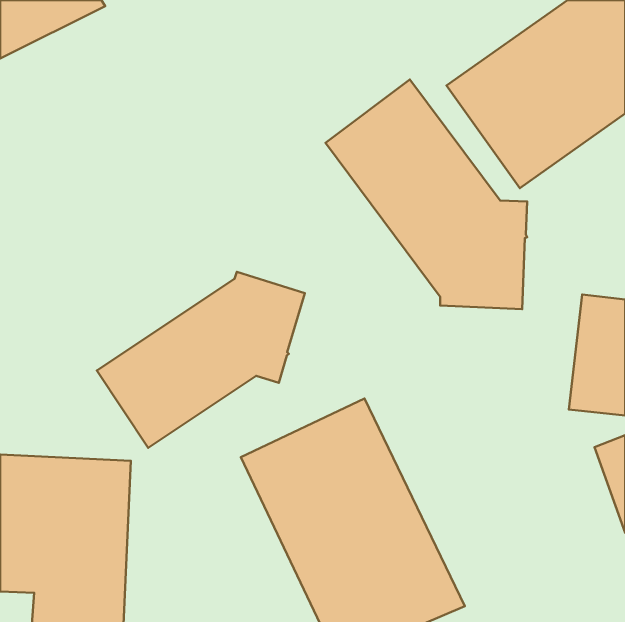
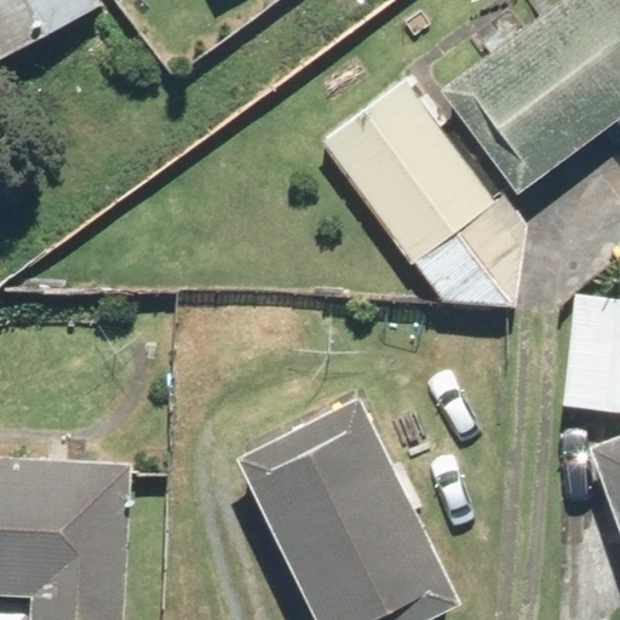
building: [97,272,305,448] -> none

